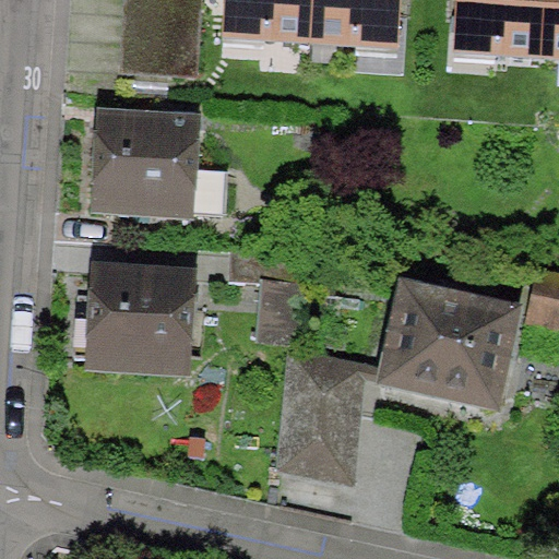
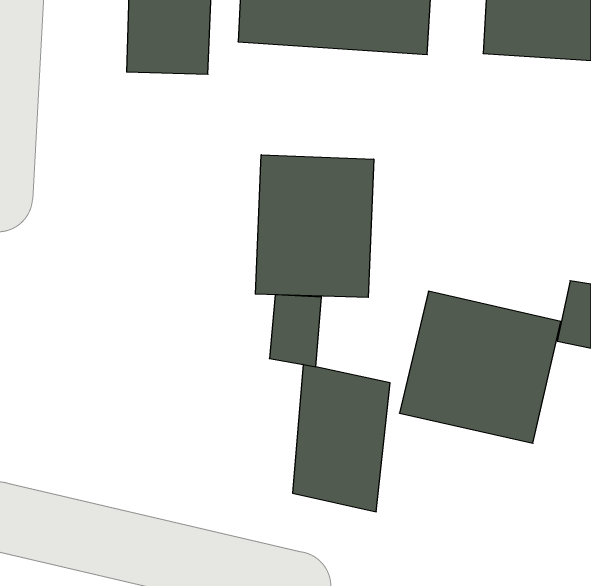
building: [87,109,201,218] -> none
building: none -> [255,155,374,297]
building: [83,264,193,373] -> none

